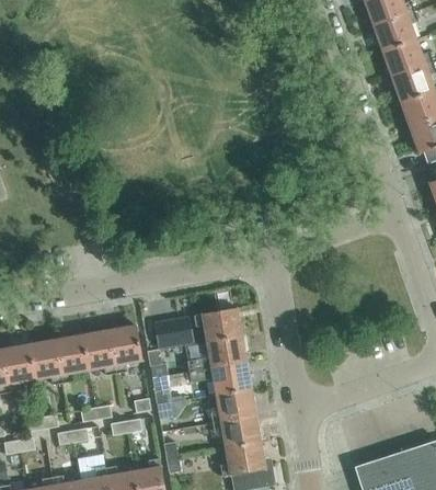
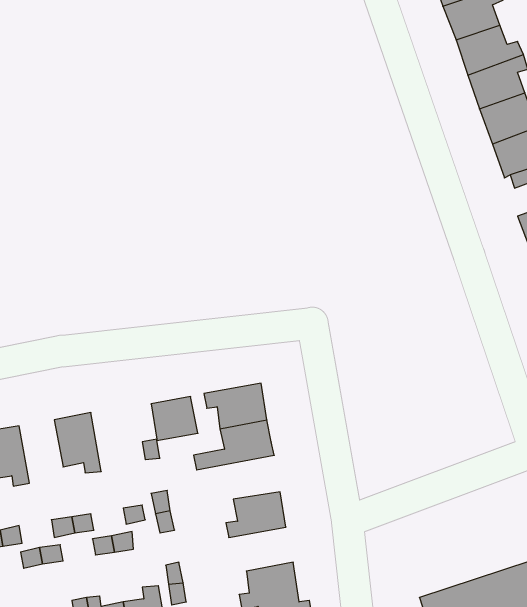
building: [110,324,142,373] -> none
building: [56,334,89,381] -> none
building: [188,361,251,394] -> none
building: [213,414,261,447] -> none

